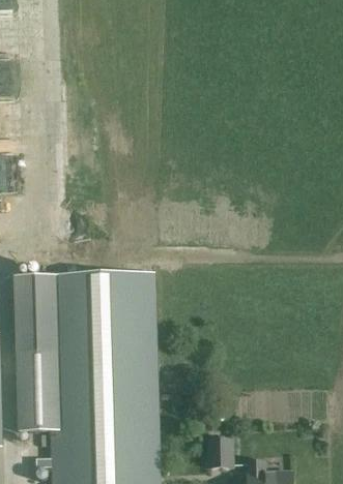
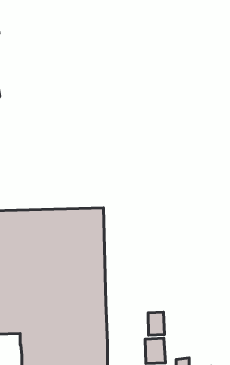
building: none -> [148,312,164,335]

